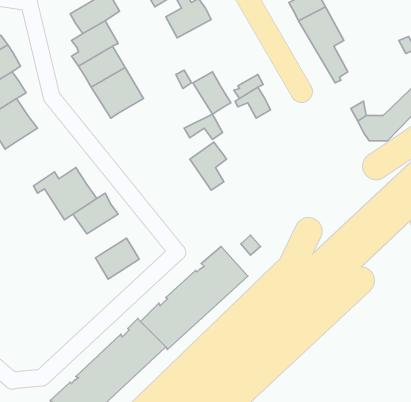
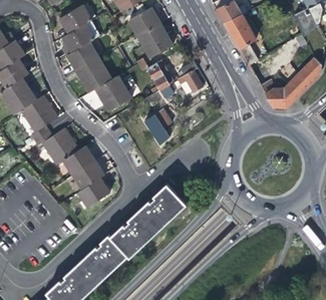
building: none -> [136,22,174,58]
building: none -> [95,75,131,111]
building: none -> [20,95,58,140]
building: none -> [72,161,104,190]

